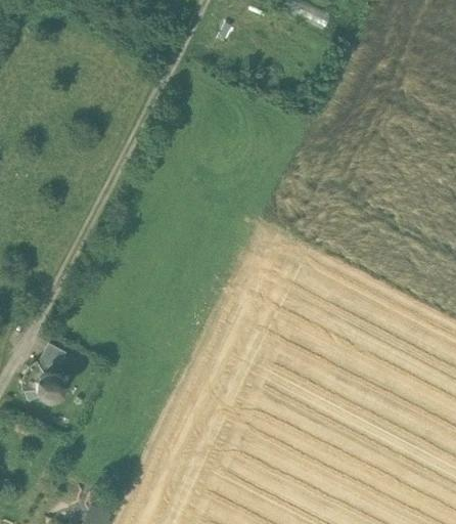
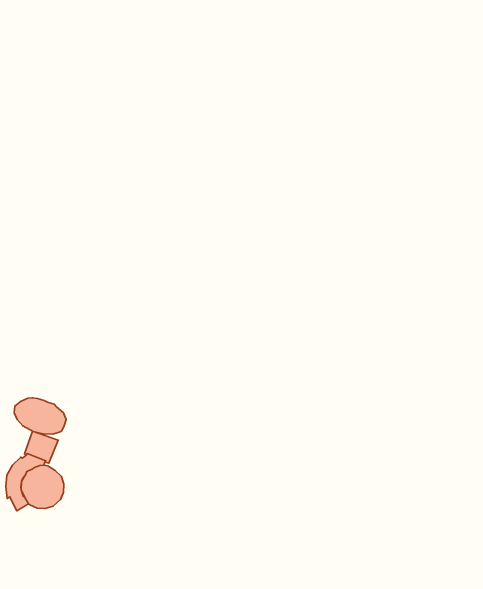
building: none -> [14,398,66,434]

